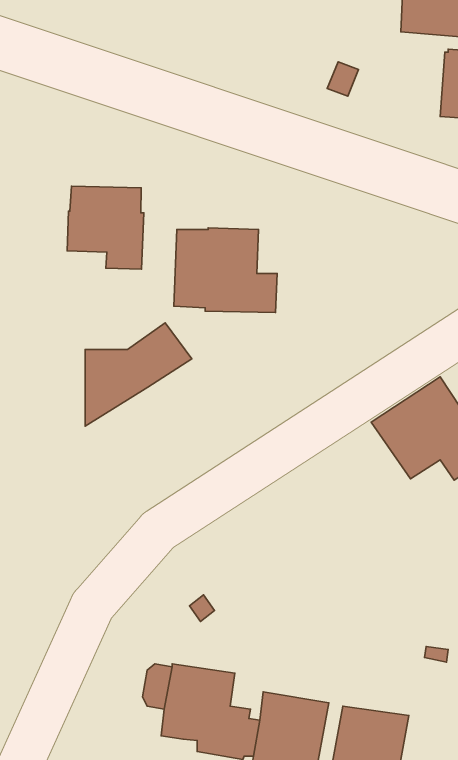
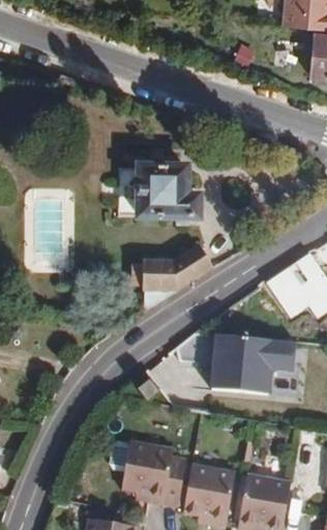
building: [67,186,144,269] -> none
building: [85,323,192,426] -> [144,241,214,310]
building: none -> [209,334,298,402]

